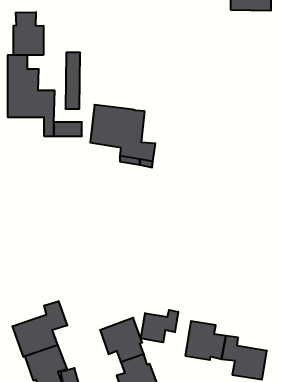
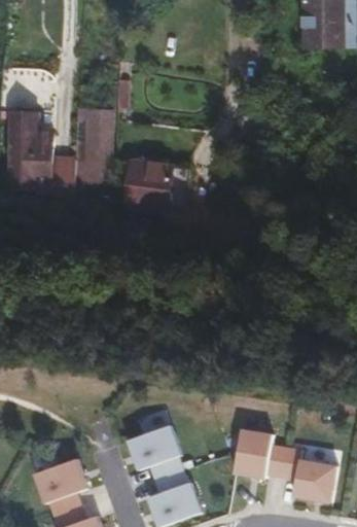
building: [14,12,43,55] -> none
building: [13,301,67,357] -> none
building: [141,310,178,342] -> none

